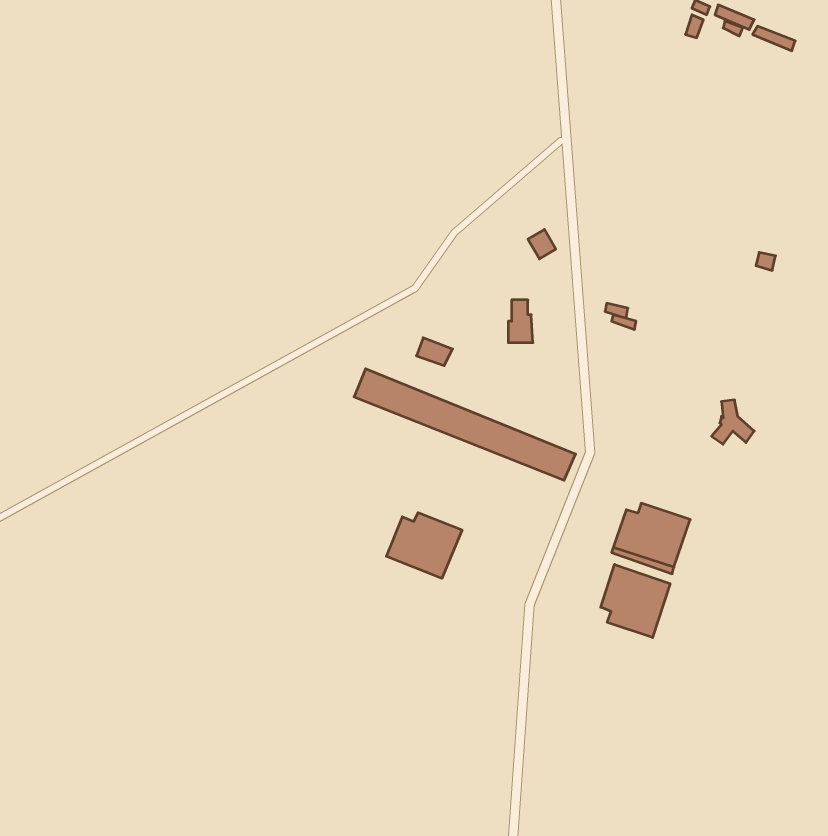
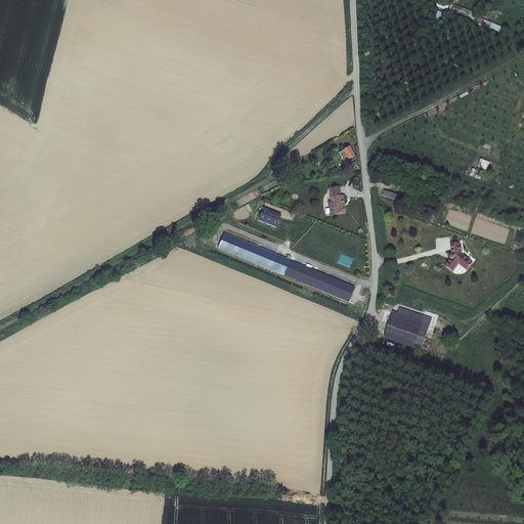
building: [386,513,462,578] -> none
building: [601,564,670,638] -> none

